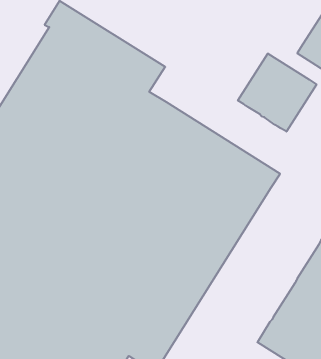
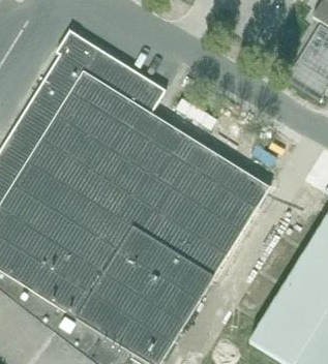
building: [238,53,316,132] -> none

